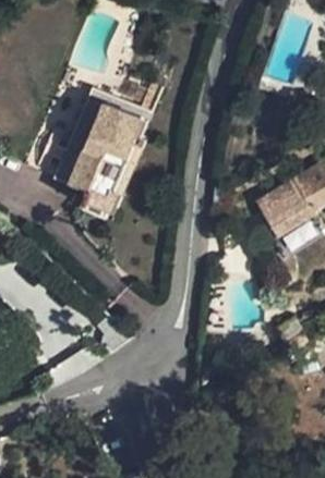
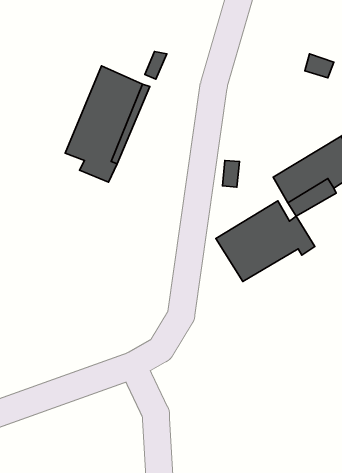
building: none -> [216,201,315,282]

